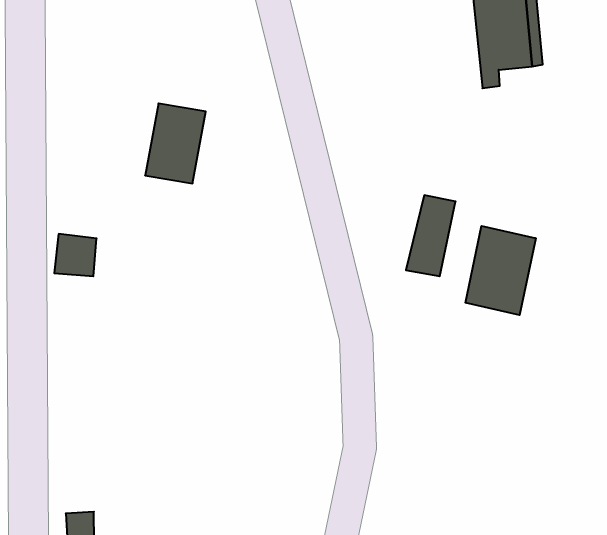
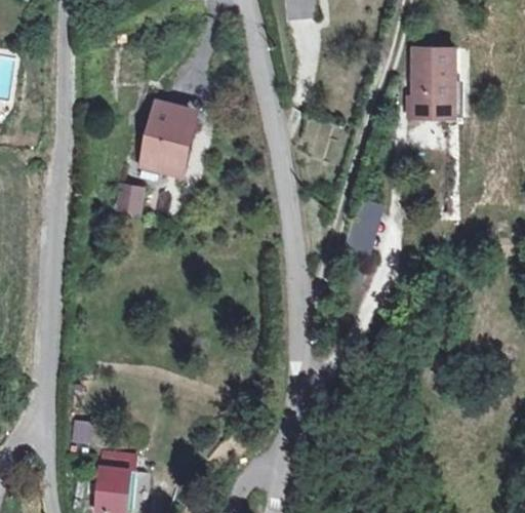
building: [465,226,536,315] -> none
building: [54,234,97,276] -> [115,183,149,216]

